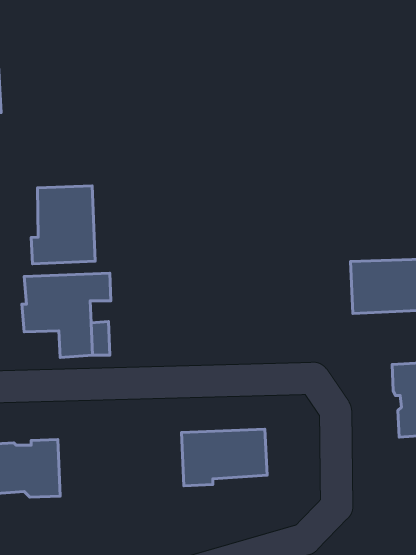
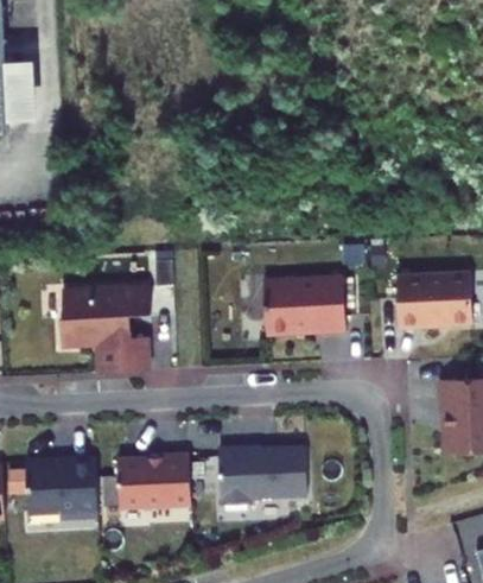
building: [31,186,95,264] -> none
building: none -> [262,277,345,332]
building: none -> [116,452,190,507]

